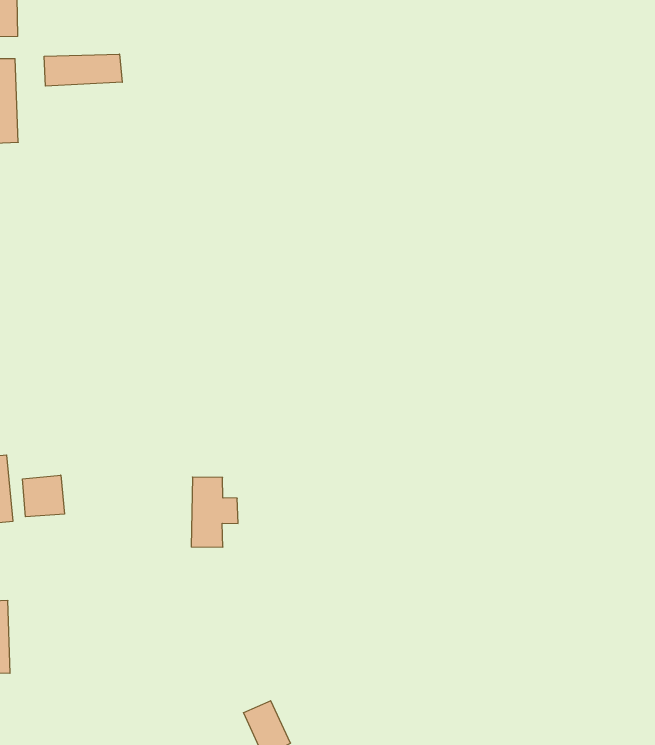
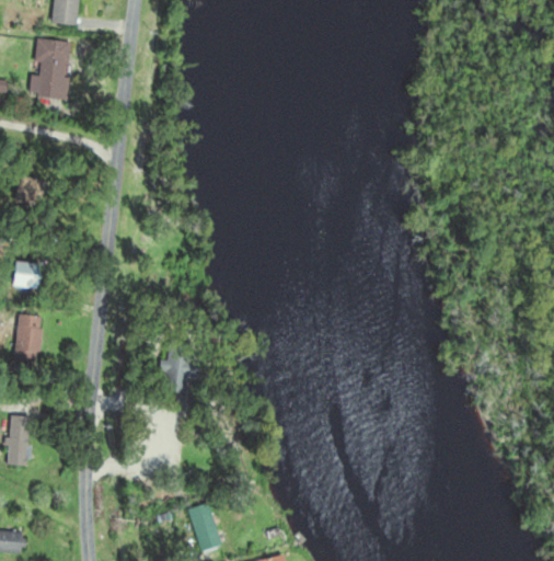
building: [44,54,122,86] -> none
building: [23,475,64,517] -> none

